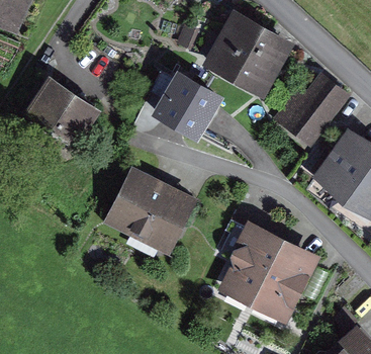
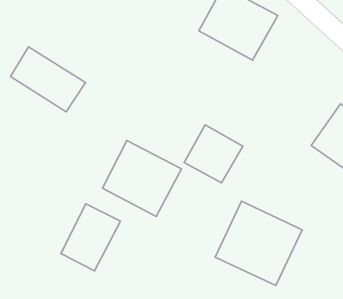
building: [280,75,345,144] -> none
building: [160,80,218,138] -> [184,125,243,183]
building: none -> [61,204,120,271]

